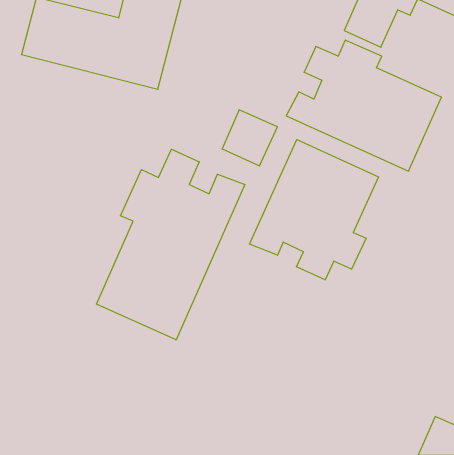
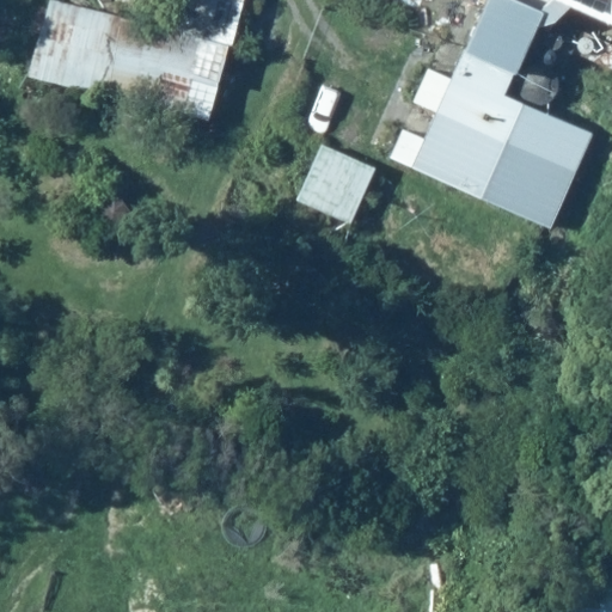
building: [250,140,378,280] -> none
building: [96,149,245,340] -> none

